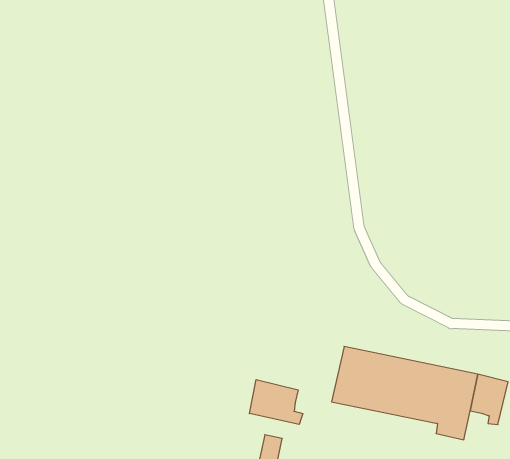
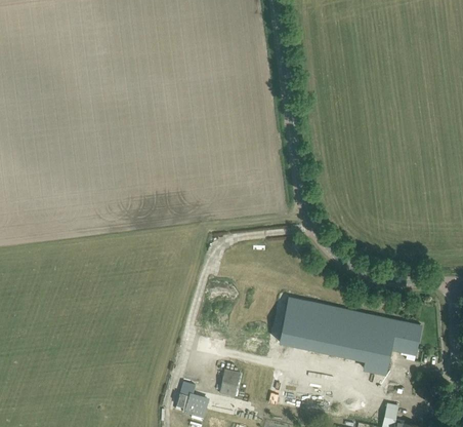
building: [249,380,303,424] -> none

